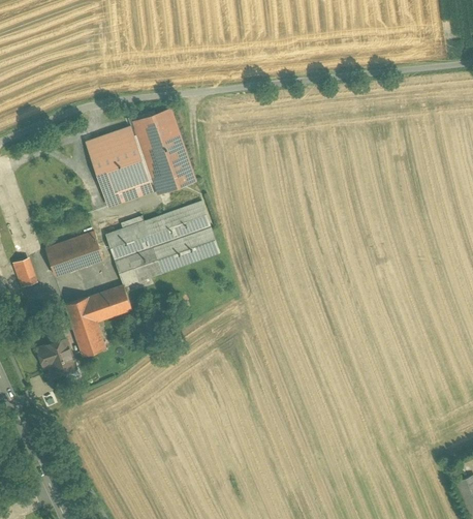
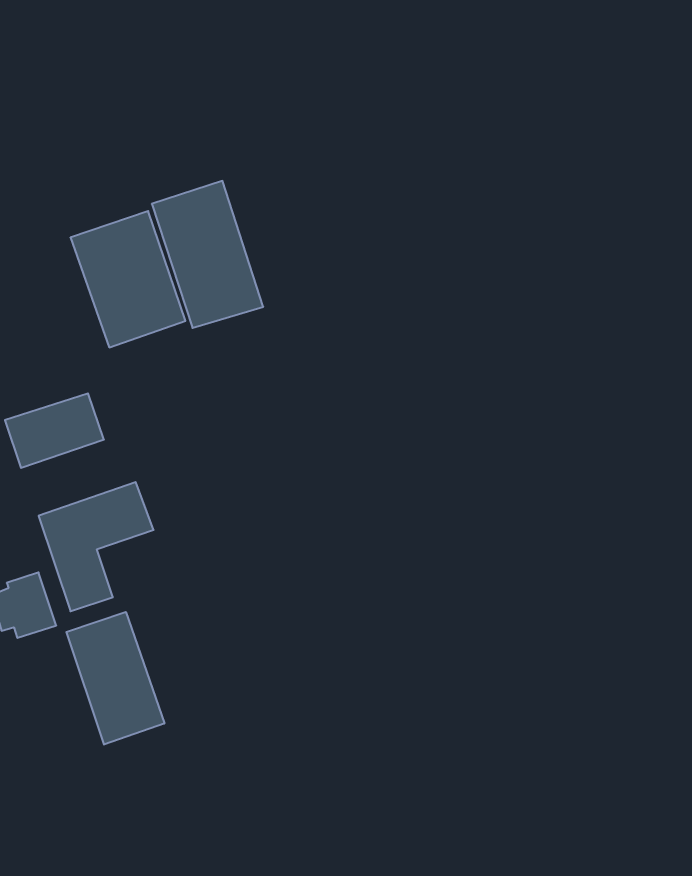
building: [104,202,218,284] -> none
building: none -> [66,612,164,745]

